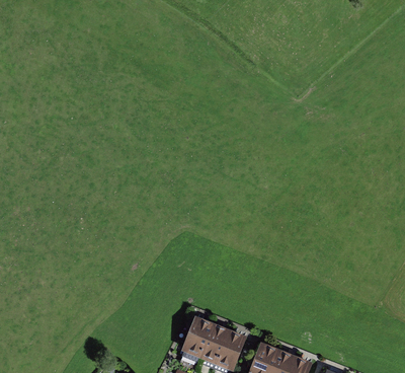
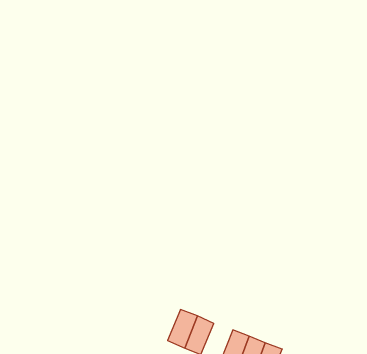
building: [182,321,211,357] -> none

